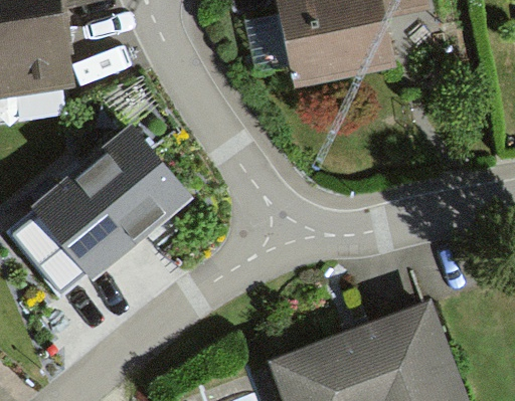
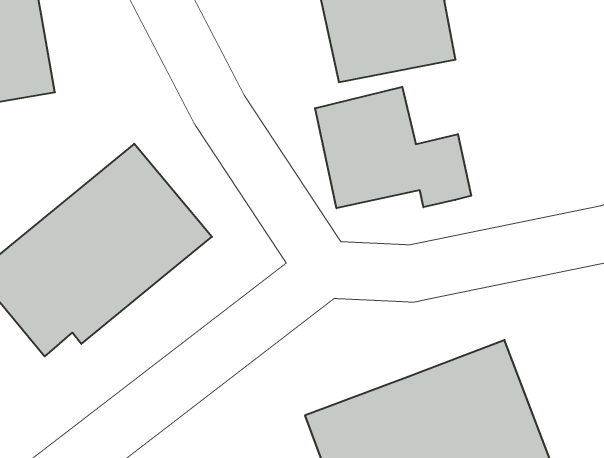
building: none -> [315,87,471,208]

